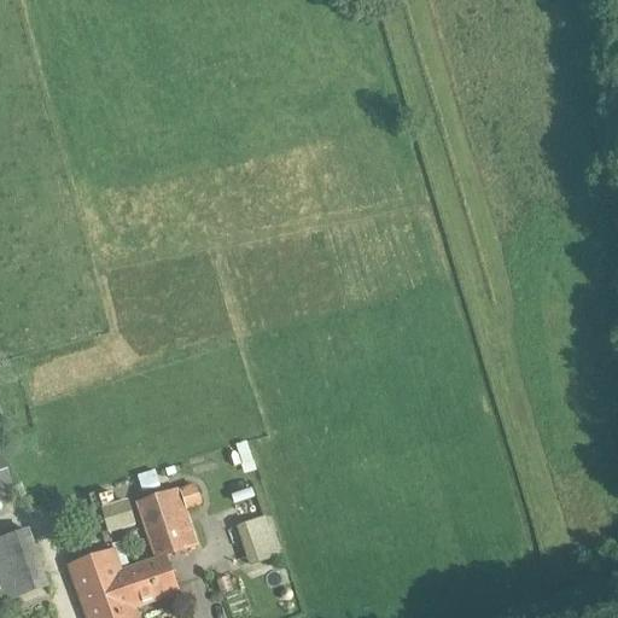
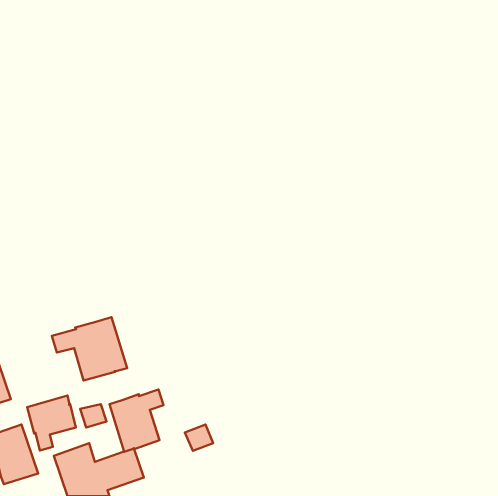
building: none -> [52,317,127,381]
building: none -> [27,396,76,451]

